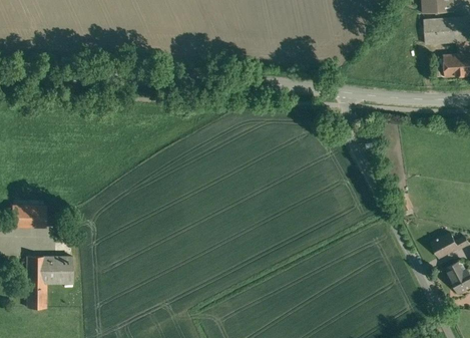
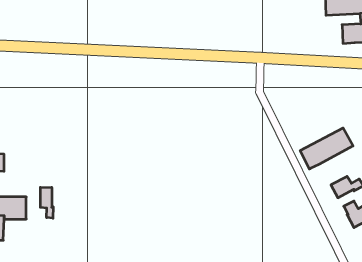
building: none -> [300,128,353,169]
building: none -> [40,187,53,218]

